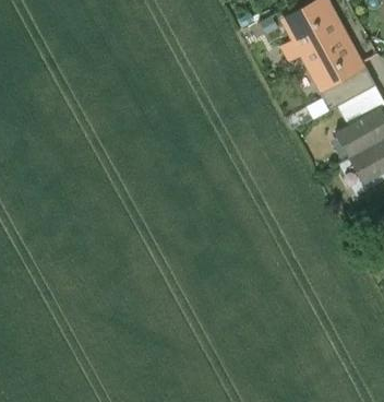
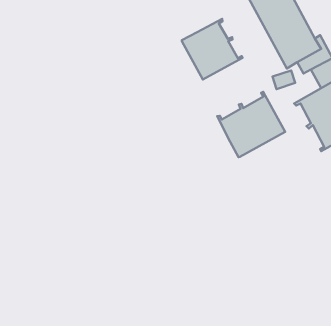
building: none -> [182,19,243,79]
building: none -> [217,92,285,157]

